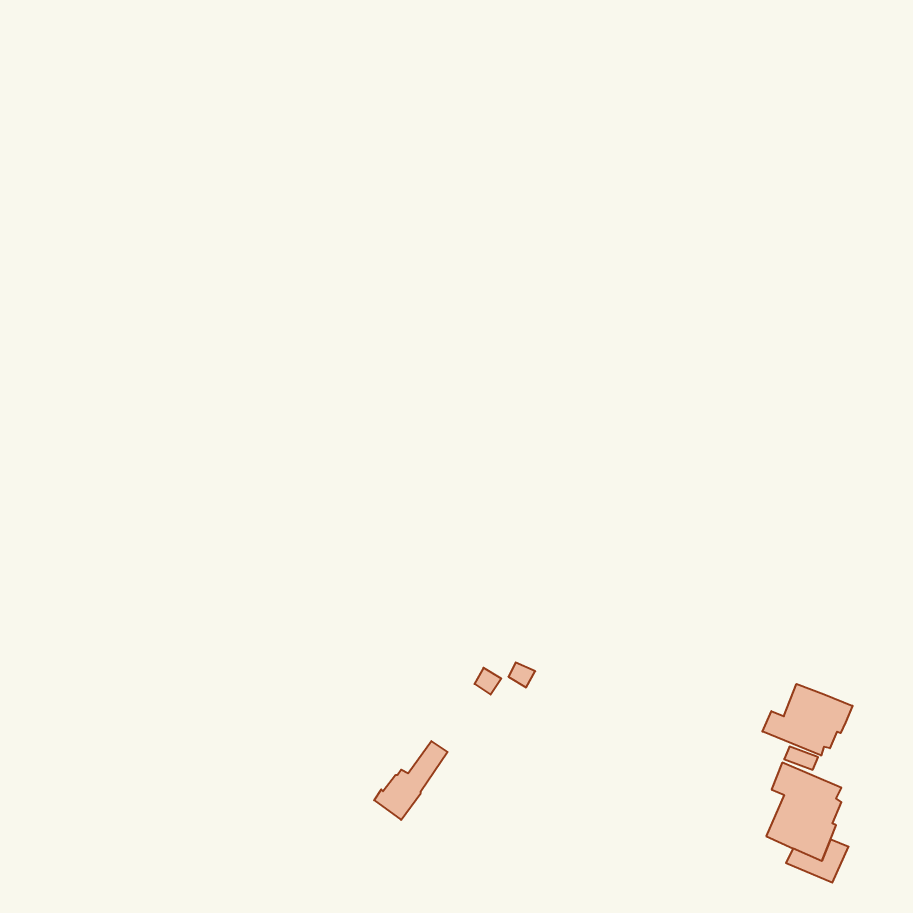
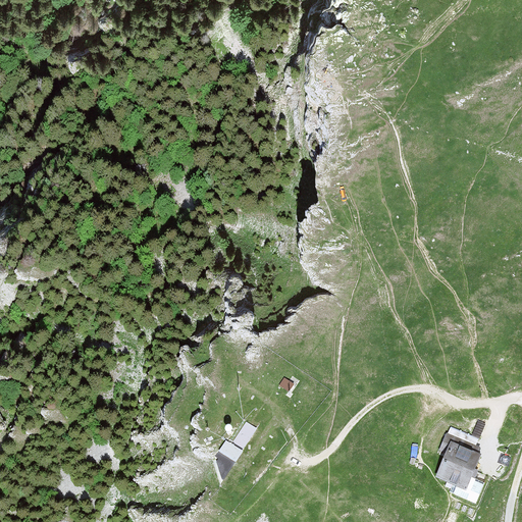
building: [762,684,853,756] -> none

